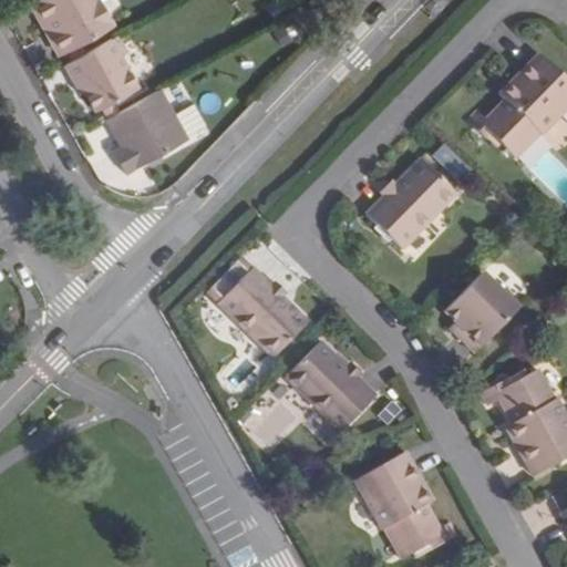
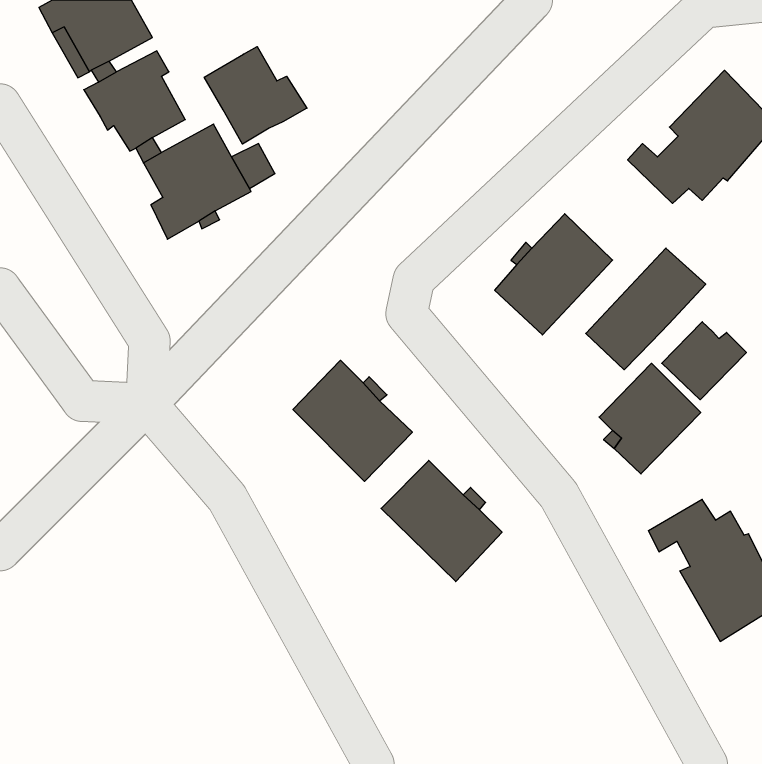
building: none -> [204,47,307,144]
building: none -> [586,248,706,370]
building: none -> [662,322,746,400]
building: [355,451,457,555] -> none

